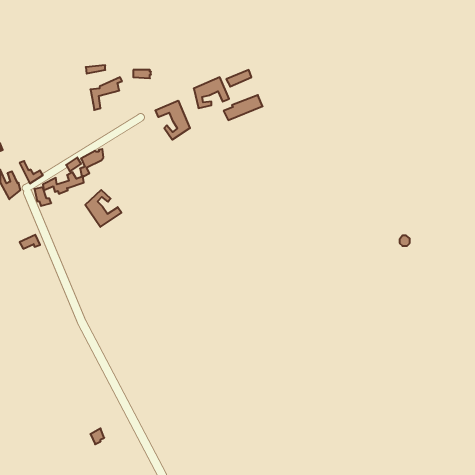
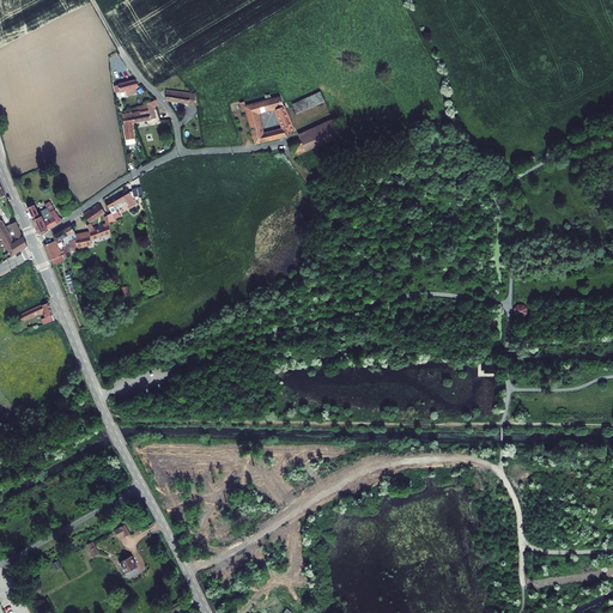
building: [155,101,190,140] -> none
building: [85,190,121,227] -> none

